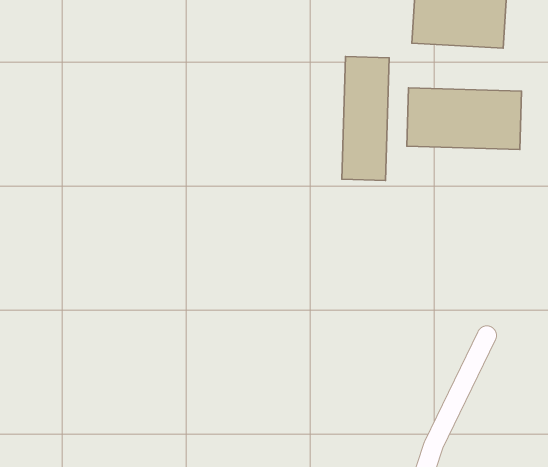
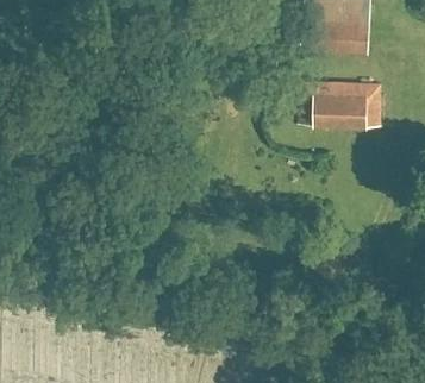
building: [342,57,389,180] -> none

